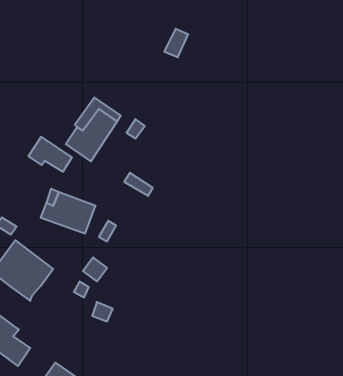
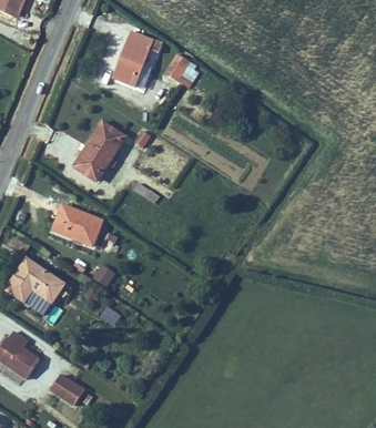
building: none -> [113,29,153,83]
building: [29,137,72,172] -> none

